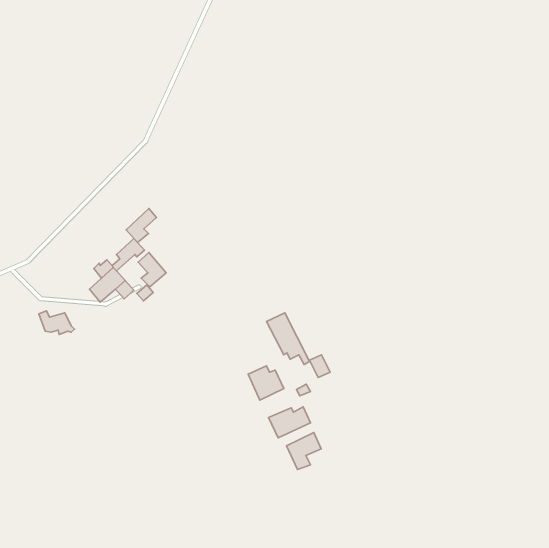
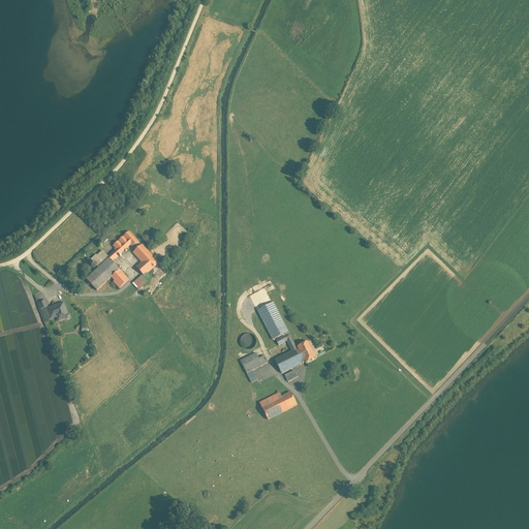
building: [126,209,157,243] -> none
building: none -> [274,346,304,372]
building: [286,432,321,470] -> none

